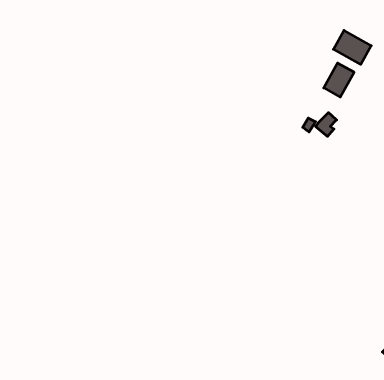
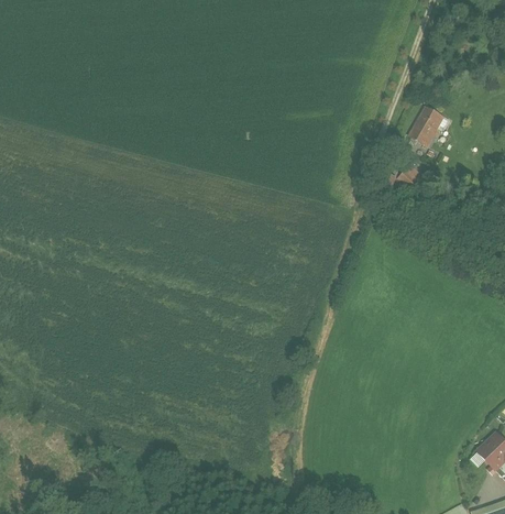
building: [333,30,371,64] -> none

